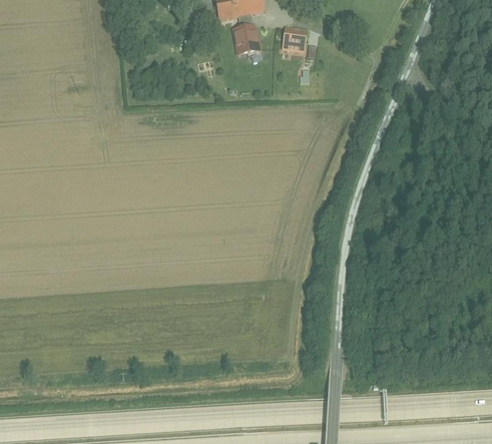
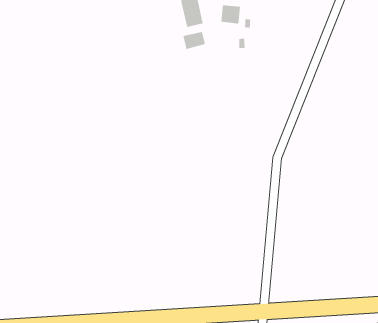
building: none -> [183,31,205,50]

